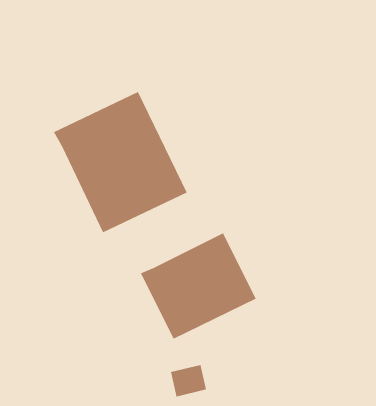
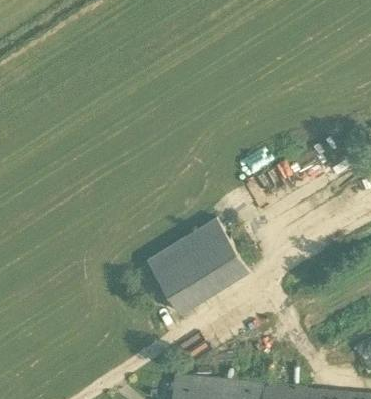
building: [53,91,188,233] -> none

